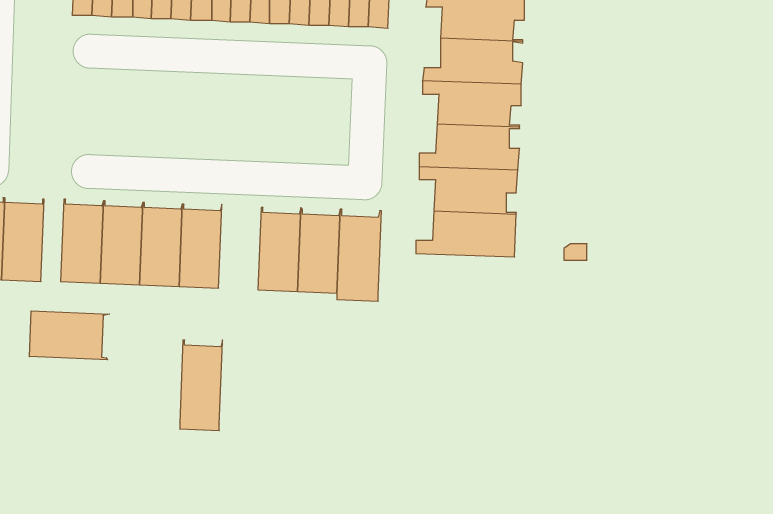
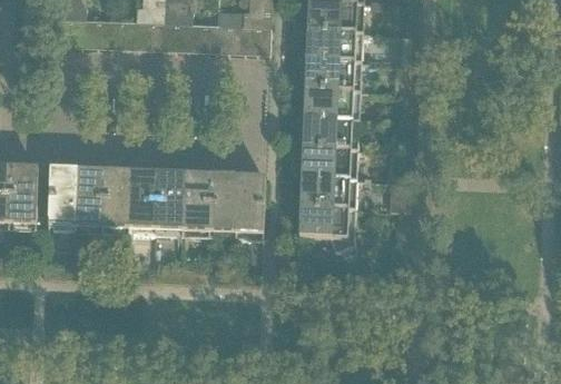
building: none -> [288,205,357,257]
building: [29,311,109,360] -> none
building: [180,340,222,431] -> [155,173,184,234]

